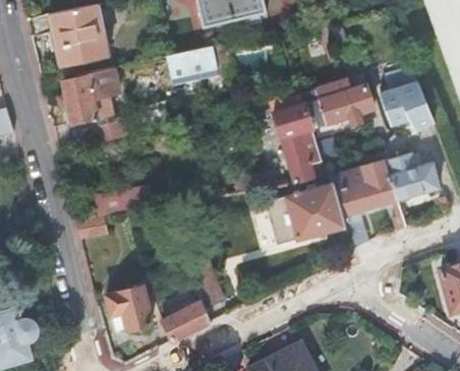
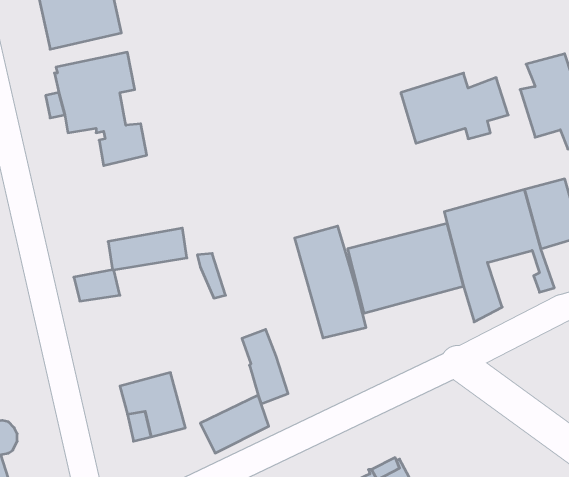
building: [167,46,217,83] -> none
building: [274,105,323,181] -> [295,226,366,338]

